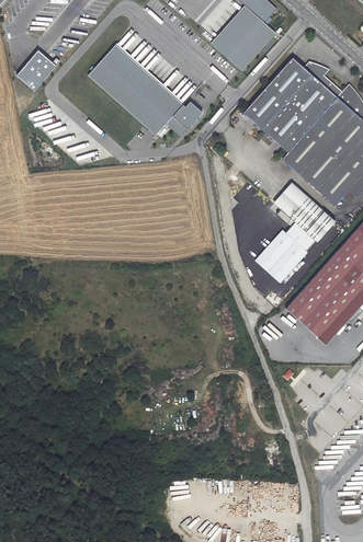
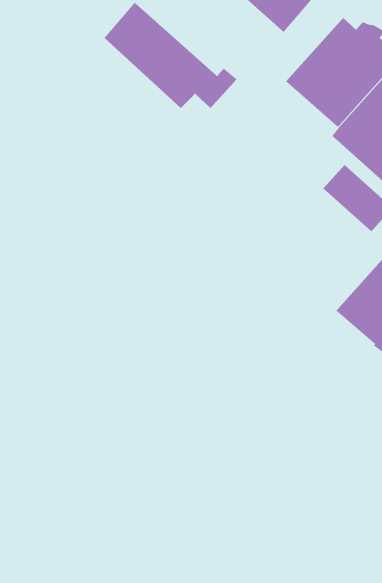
building: [16,48,59,90] -> none
building: [257,229,308,281] -> none

